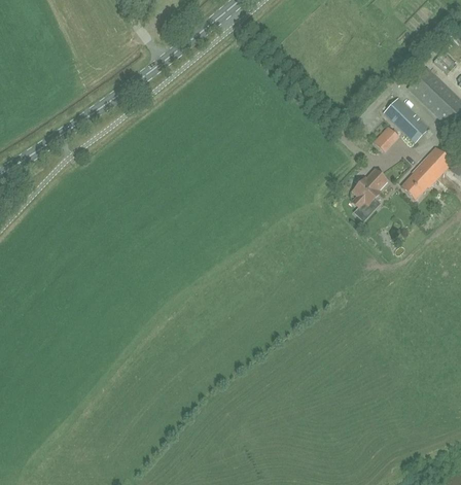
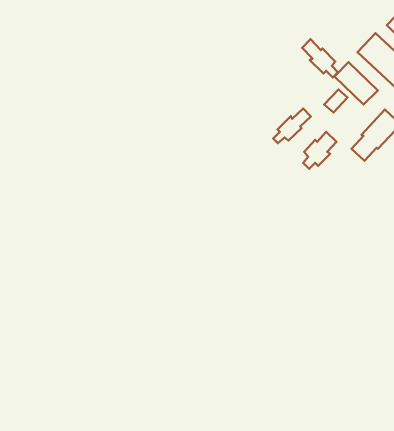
building: none -> [302,39,338,77]
building: none -> [273,109,311,143]

